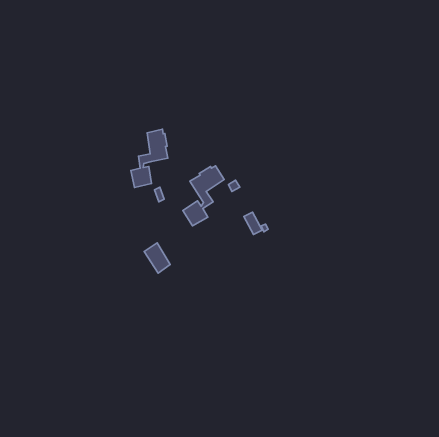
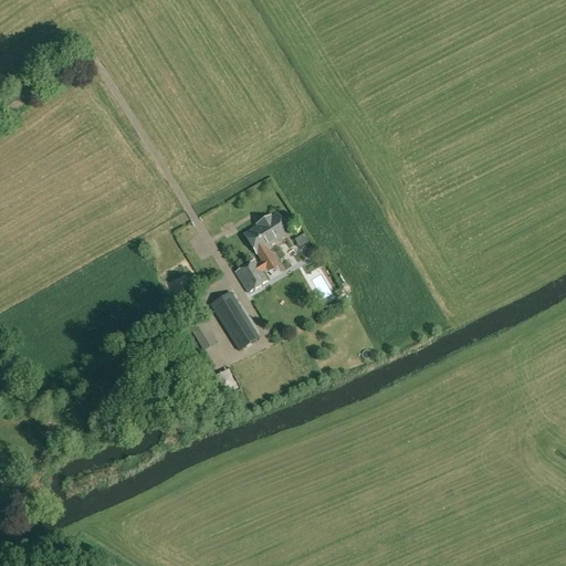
building: [131,129,168,187] -> none
building: none -> [210,292,259,349]

